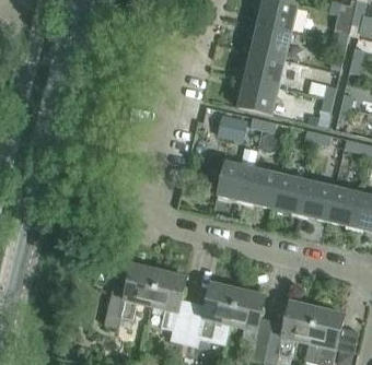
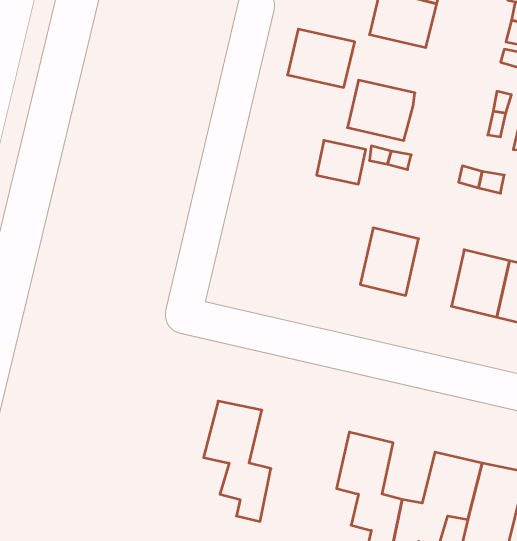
building: [243,51,283,86] -> [287,29,355,87]
building: [216,161,252,201] -> none
building: [271,174,306,214] -> none
building: [103,264,159,328] -> none
building: [184,283,237,346] -> none

